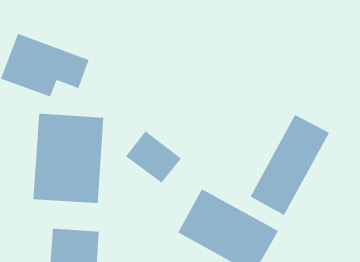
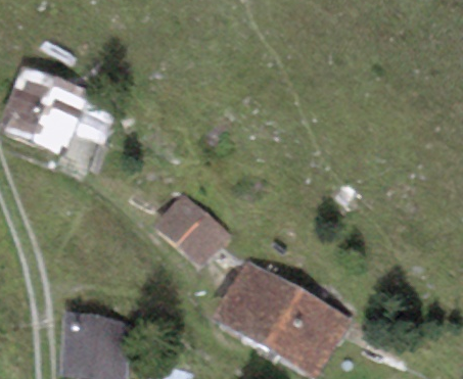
building: [33,113,104,204] -> none
building: [250,114,330,216] -> none

